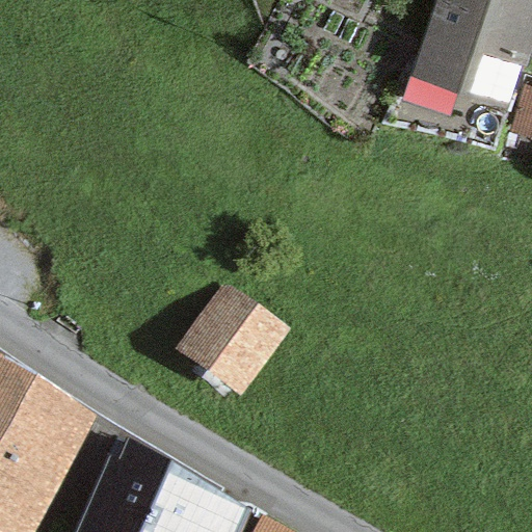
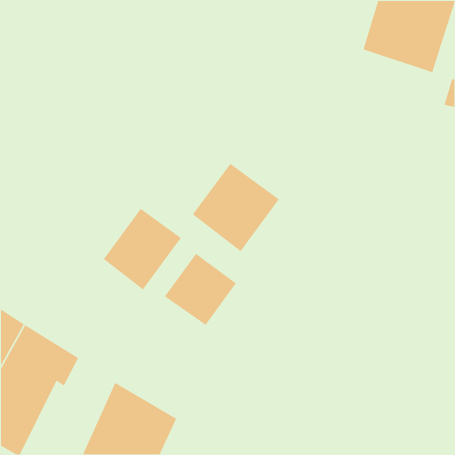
building: none -> [192,163,280,252]
building: none -> [103,208,182,290]

